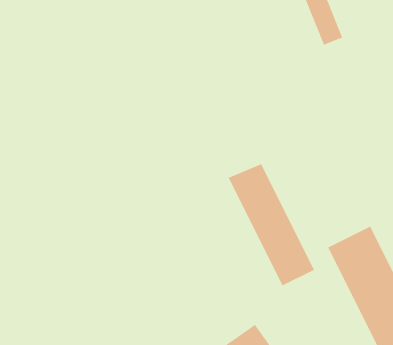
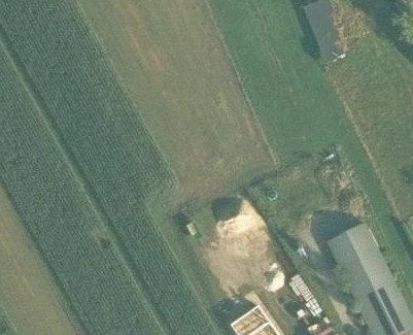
building: [227,163,315,287] -> none

